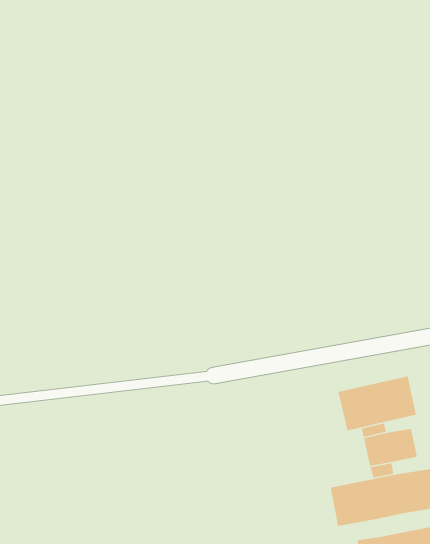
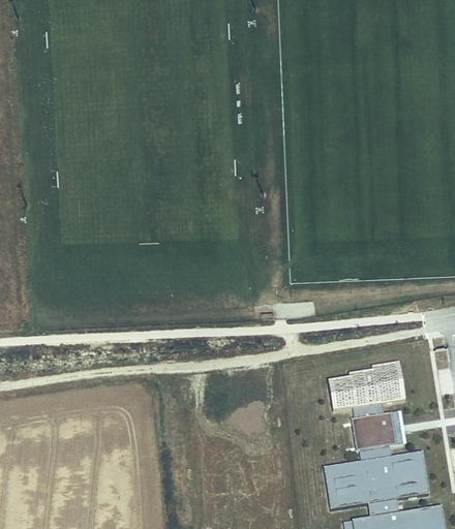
building: none -> [366,496,394,518]

